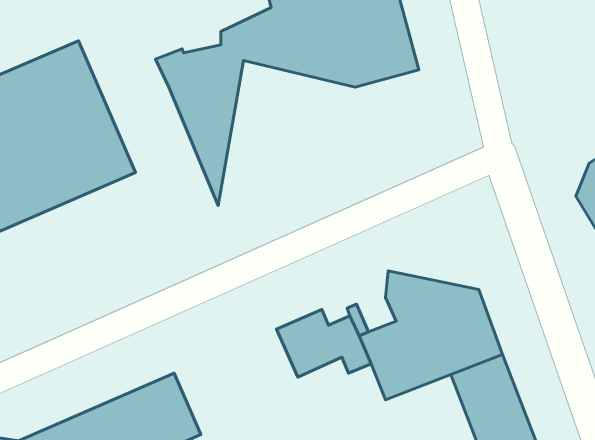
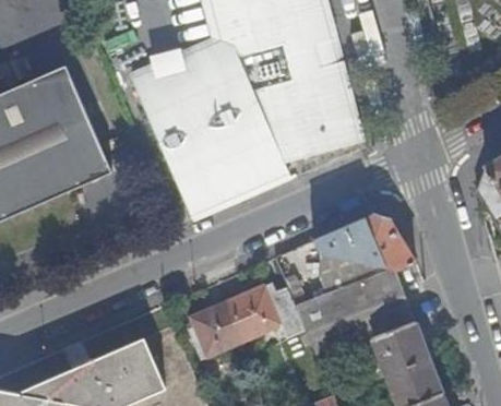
building: none -> [181,80,360,215]
building: none -> [314,214,415,268]
building: none -> [190,300,247,358]

